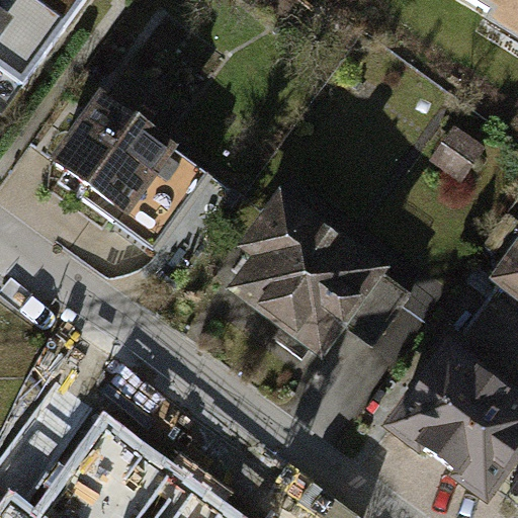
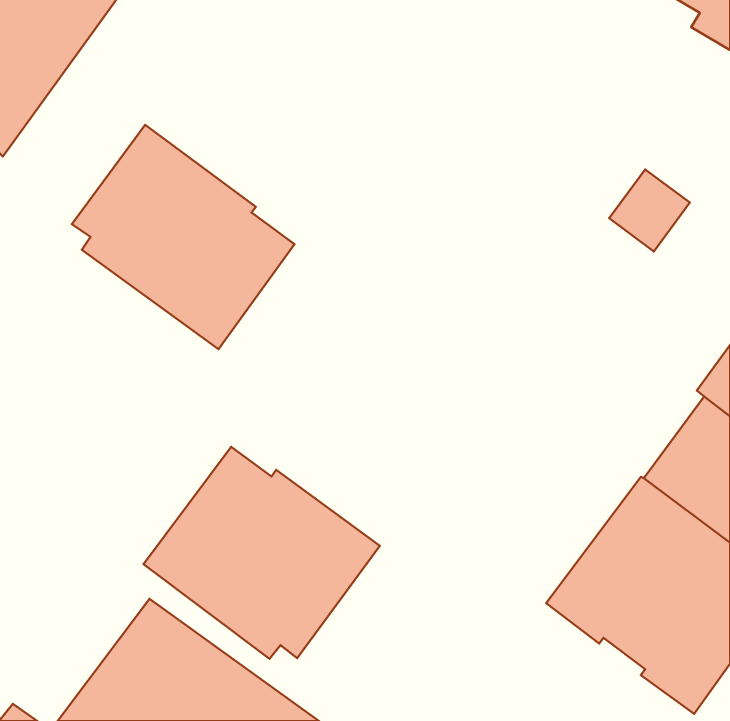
building: [228,186,412,358] -> none
building: none -> [144,447,380,659]

